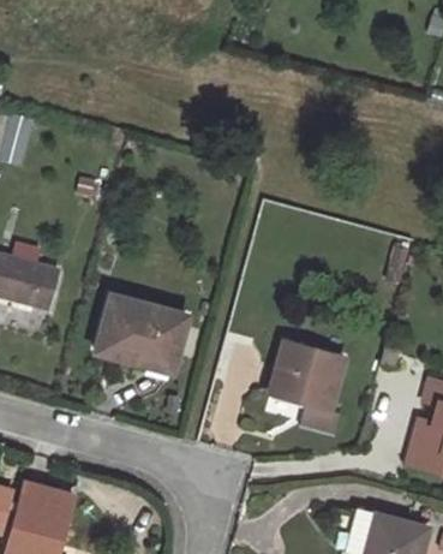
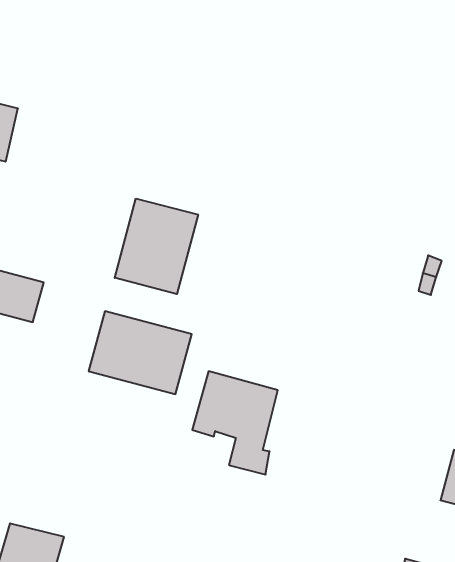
building: none -> [115,199,198,294]
building: [269,342,345,434] -> [192,371,278,475]

